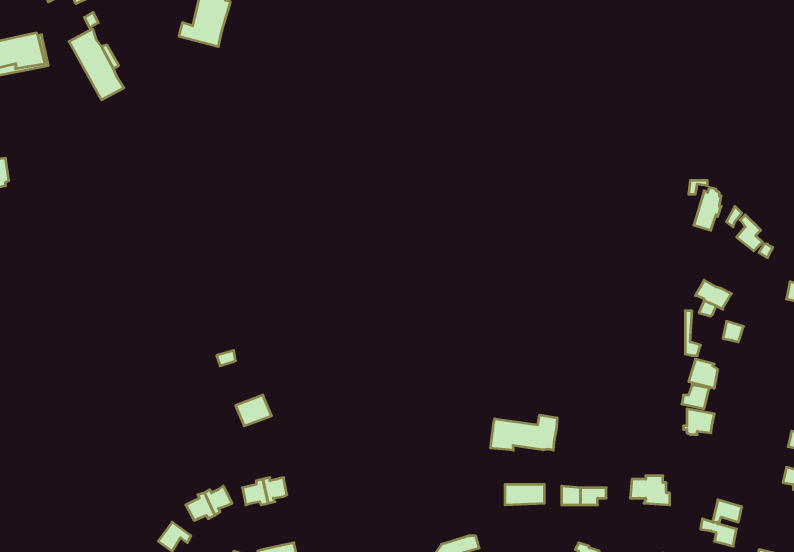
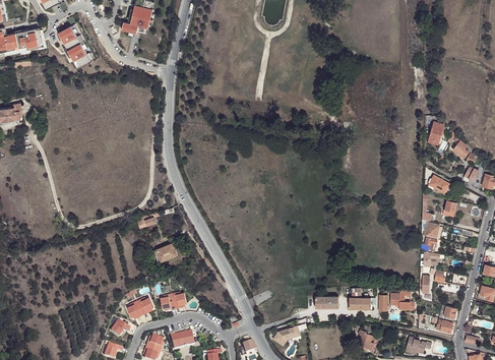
building: [491,415,557,450] -> none

